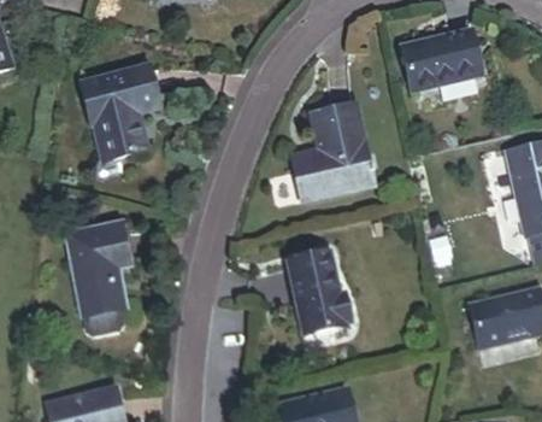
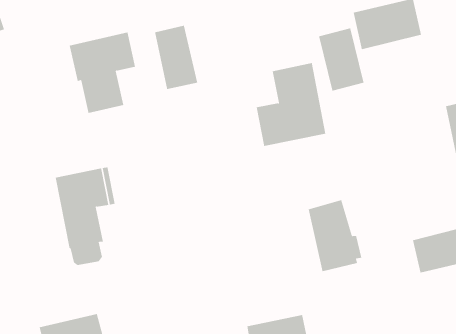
building: none -> [154,25,198,90]
building: none -> [318,27,364,92]
building: [289,253,350,335] -> [308,199,362,272]

